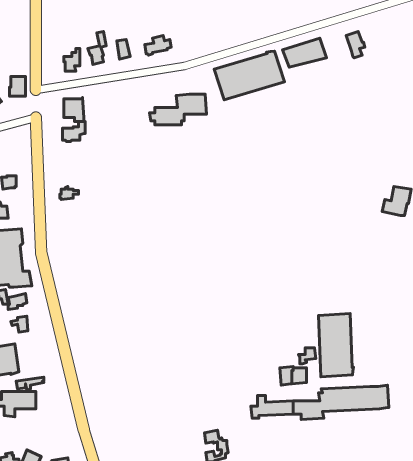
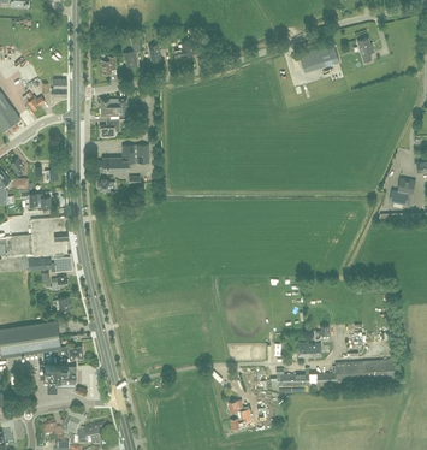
building: [214,51,284,100] -> none
building: [150,94,207,125] -> [96,144,148,172]
building: [319,314,354,377] -> none

